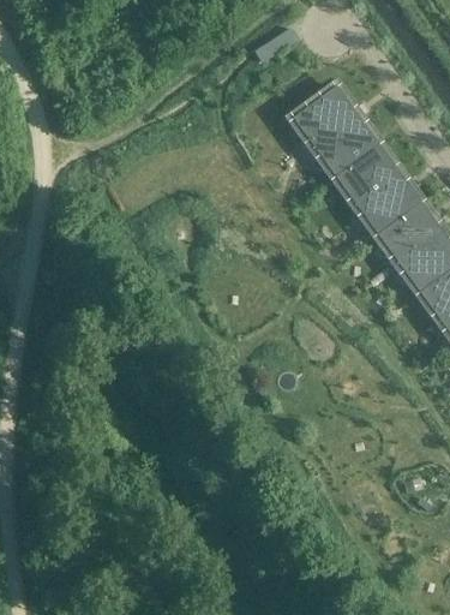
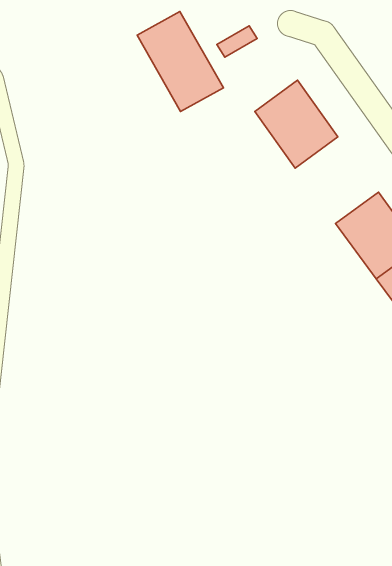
building: none -> [137,11,223,111]
building: [334,144,420,234] -> none

